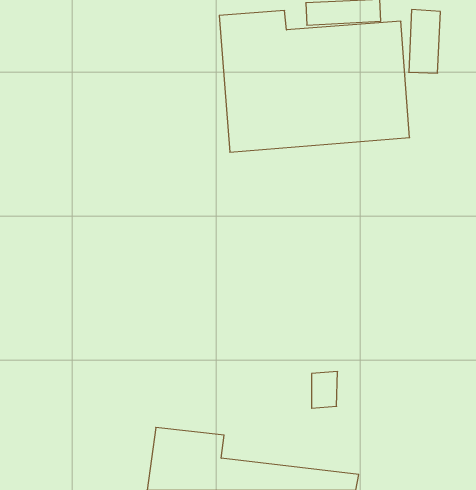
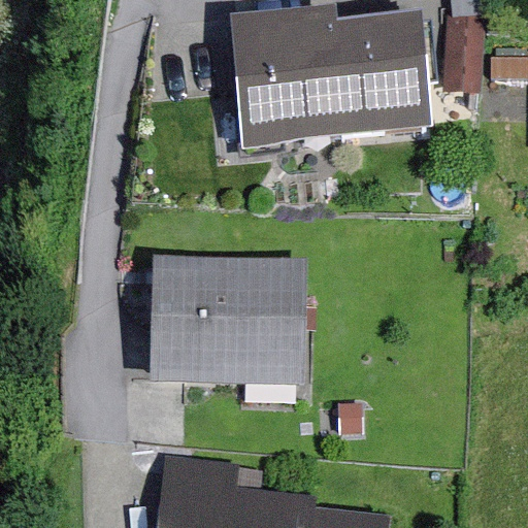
building: none -> [153,257,303,382]

